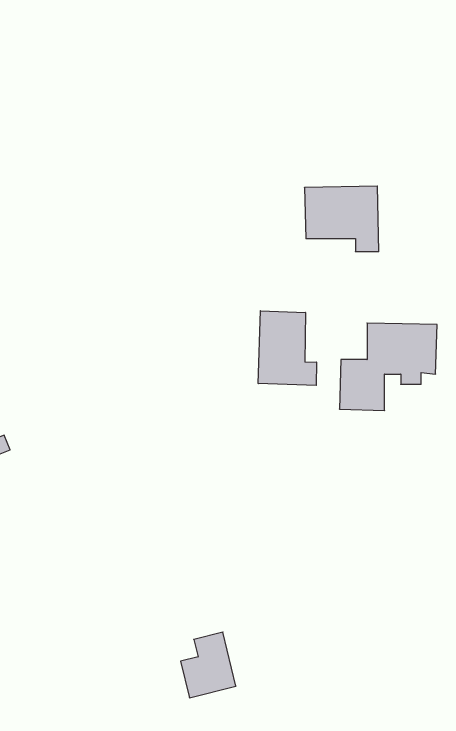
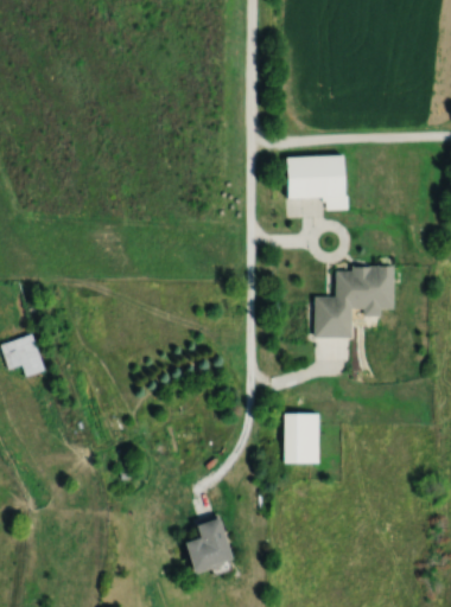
building: [258,311,316,385] -> none
building: none -> [284,414,319,464]

